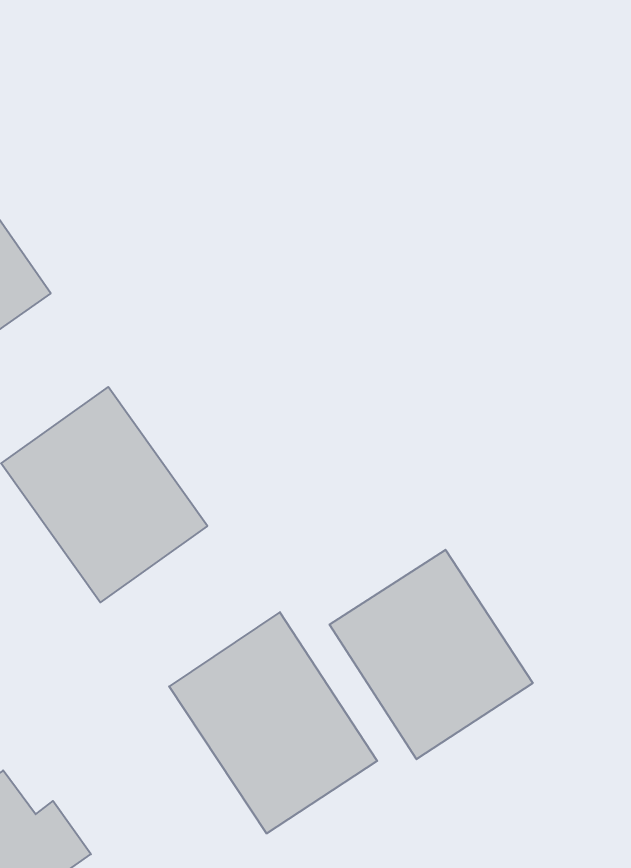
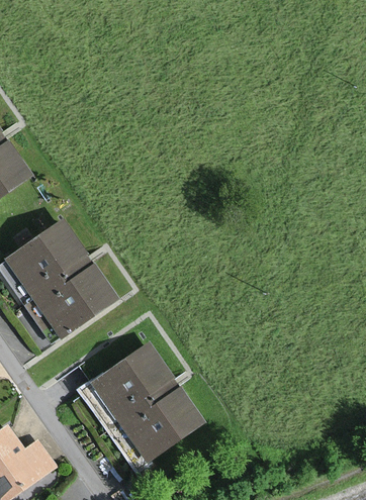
building: [330,550,533,759] -> none

